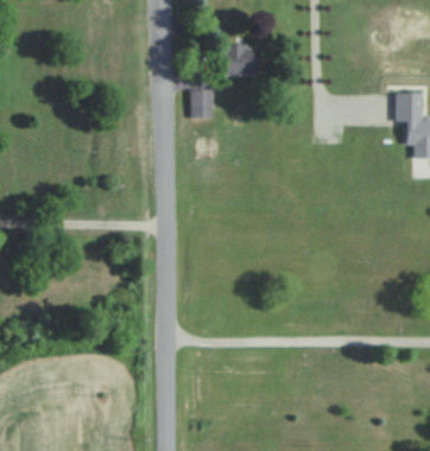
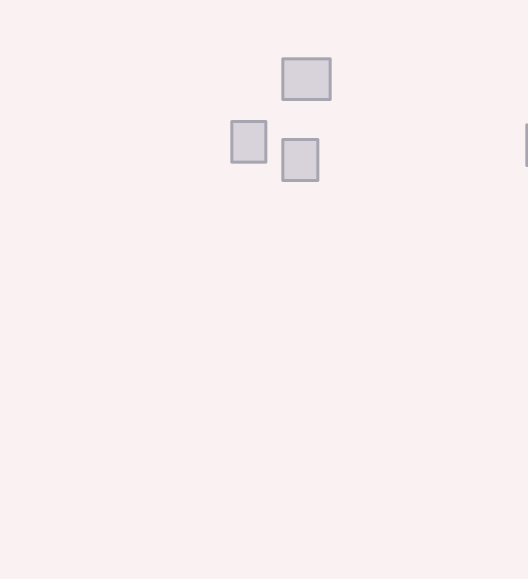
building: none -> [283,139,318,180]

